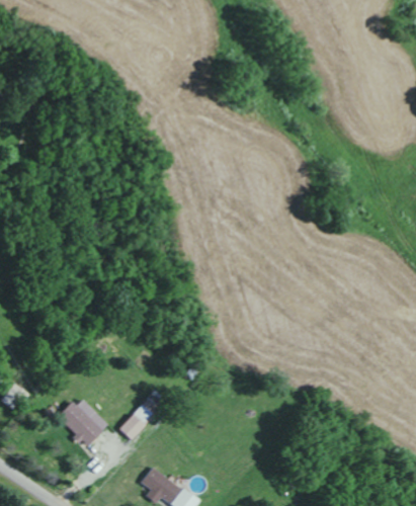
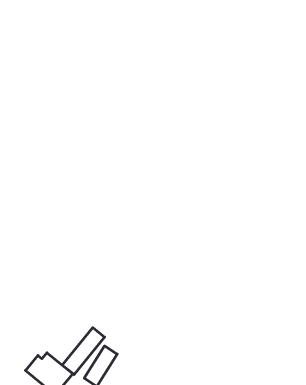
building: none -> [62,328,105,375]

